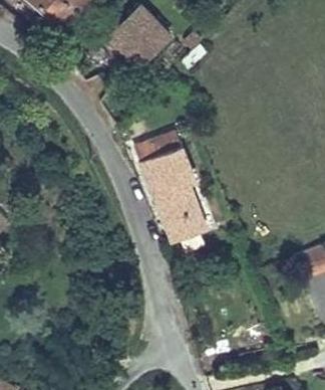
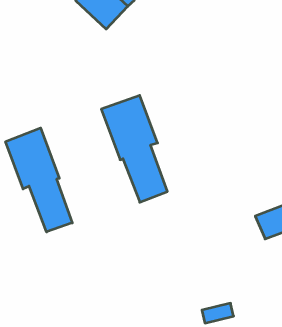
building: none -> [6,128,72,232]

